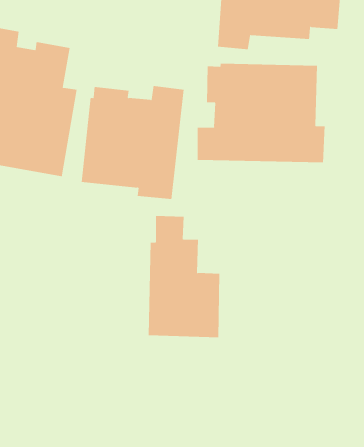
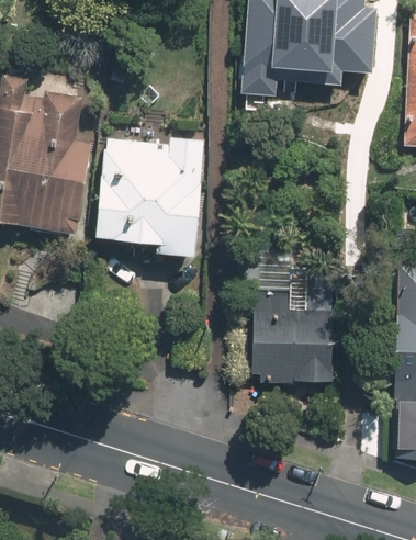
building: [197,63,325,163] -> none
building: [148,216,220,338] -> [252,249,330,381]

